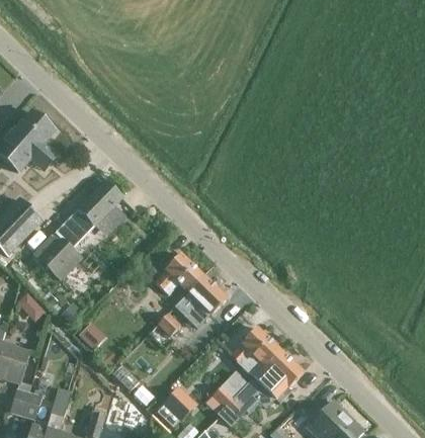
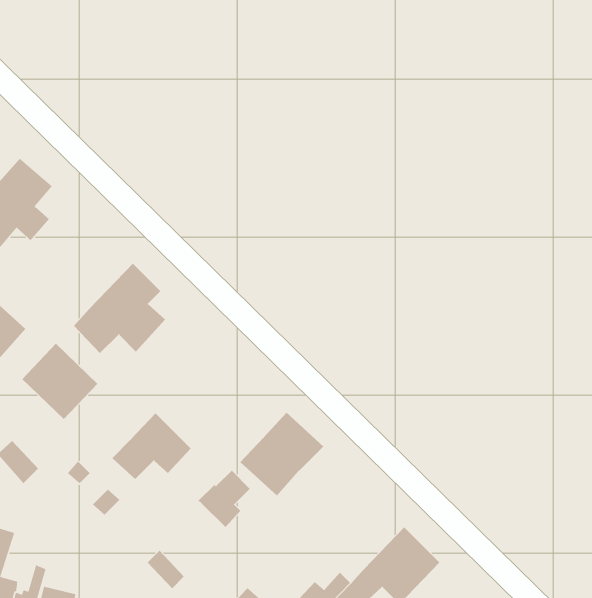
building: [152,251,203,294] -> [111,413,191,480]
building: [232,326,279,375] -> none

